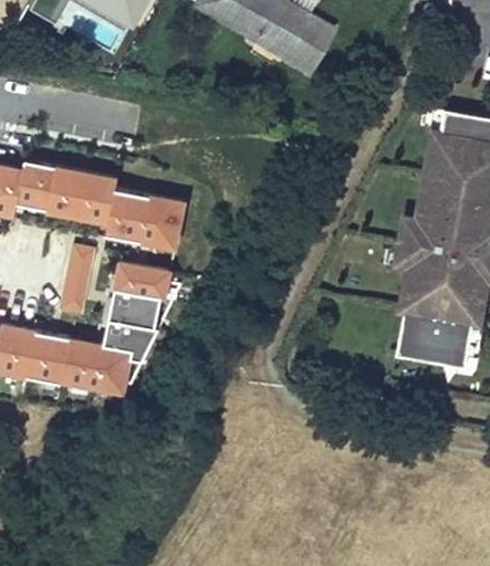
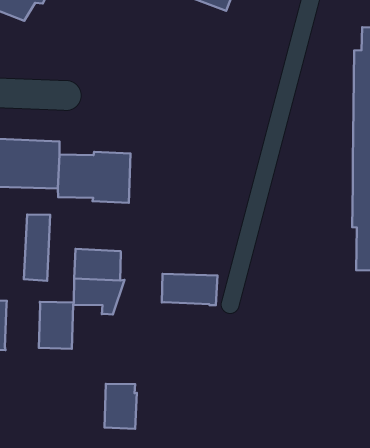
building: [113,261,174,302] -> [162,274,217,305]
building: [27,334,70,384] -> none
building: [94,346,133,397] -> [104,384,137,429]

